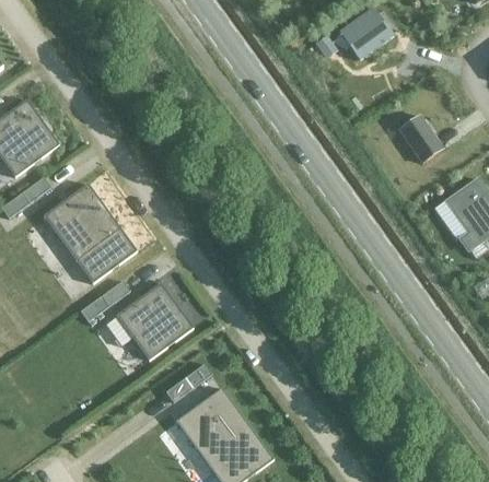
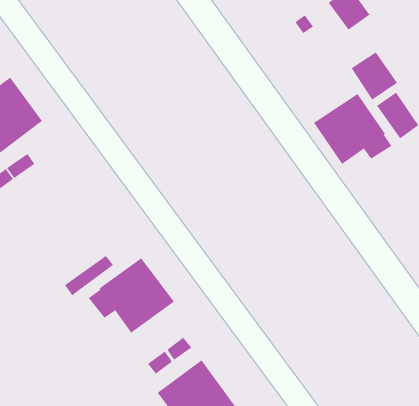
building: none -> [351,51,398,101]
building: none -> [313,93,392,165]
building: [42,184,136,283] -> none

